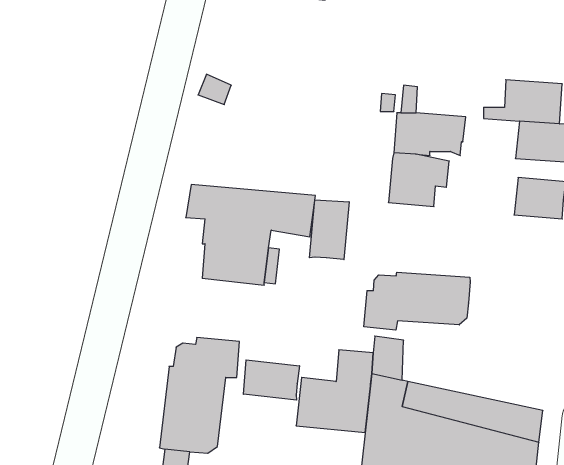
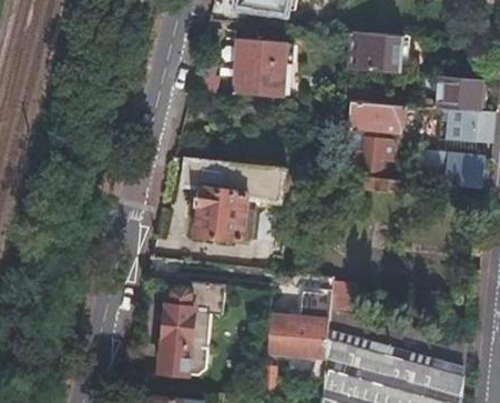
building: none -> [345,32,404,72]
building: none -> [235,40,298,98]
building: [310,200,349,260] -> none
building: [364,272,470,330] -> none
building: [243,360,299,400] -> none

